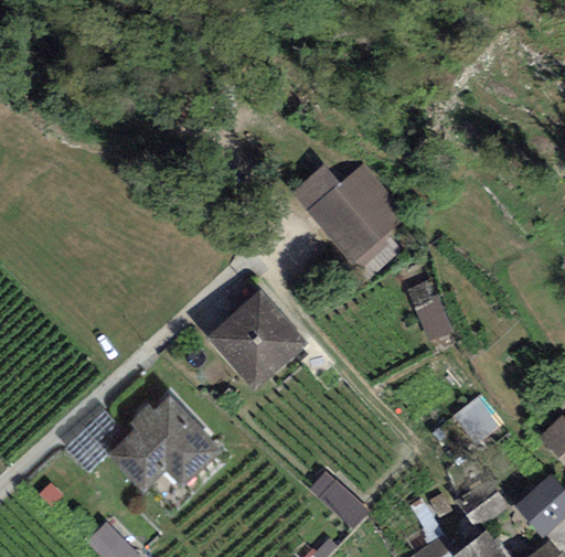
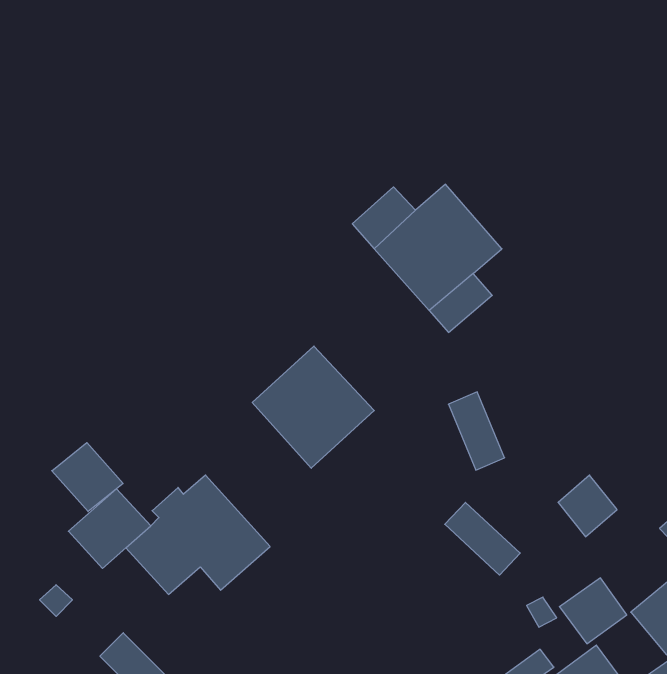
building: [407,279,452,342] -> [448,392,505,470]
building: none -> [52,443,123,512]
building: [309,471,370,529] -> [445,502,520,575]

